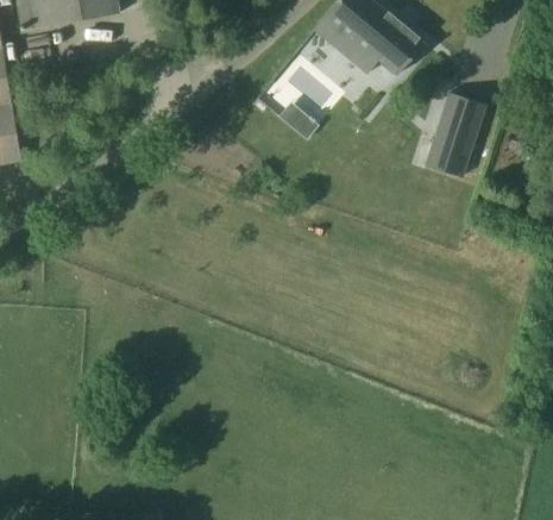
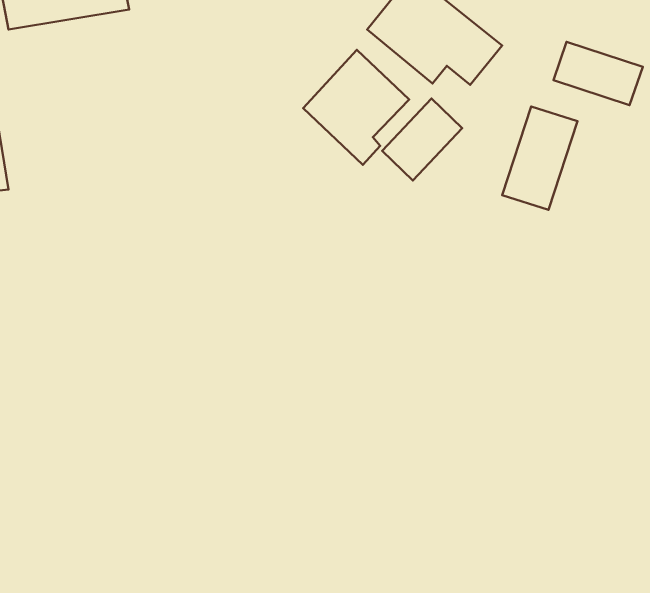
building: none -> [553,42,643,105]
building: none -> [382,99,462,181]

